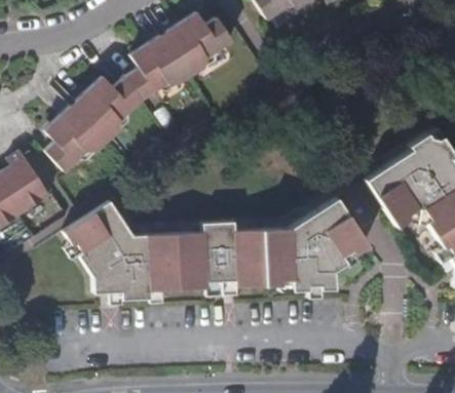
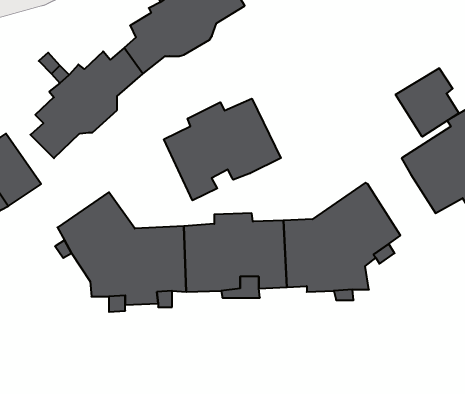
building: none -> [396,68,459,137]
building: none -> [164,99,281,200]

